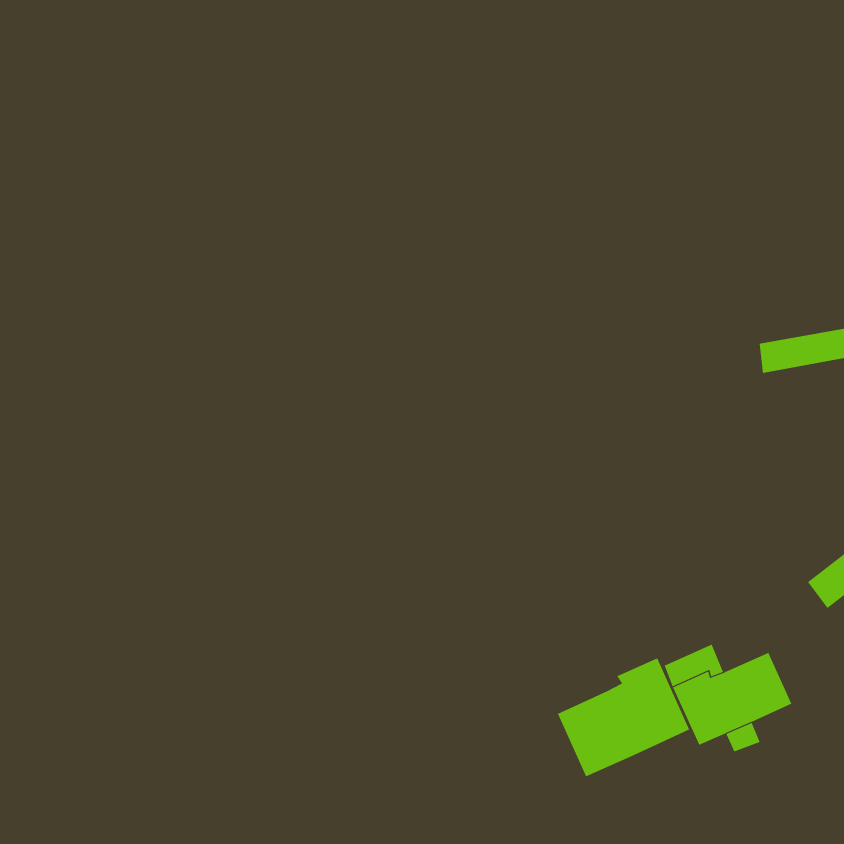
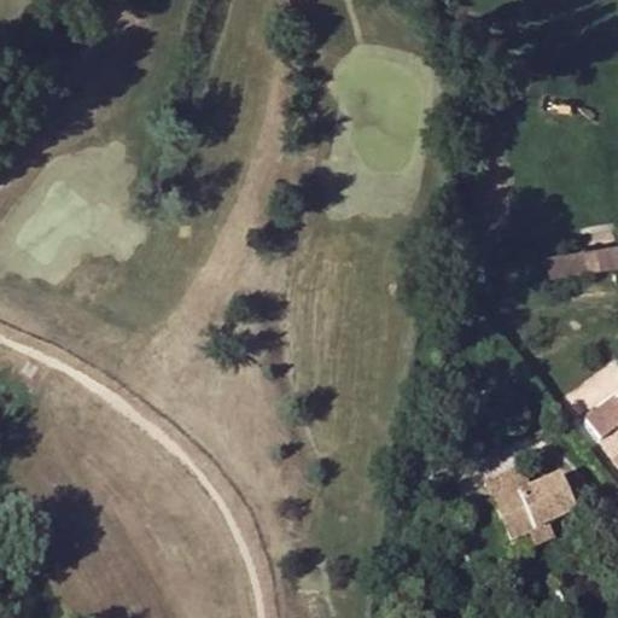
building: [557,658,690,777] -> none

